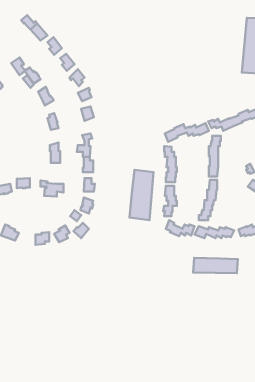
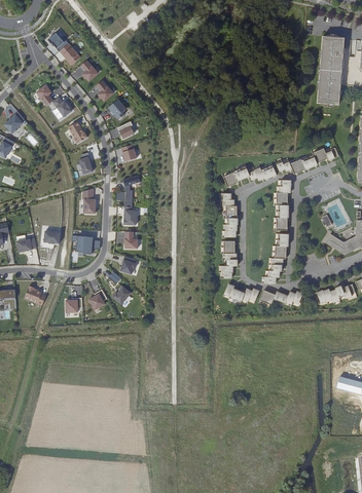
building: [129,170,153,220] -> none
building: [193,258,238,273] -> none

